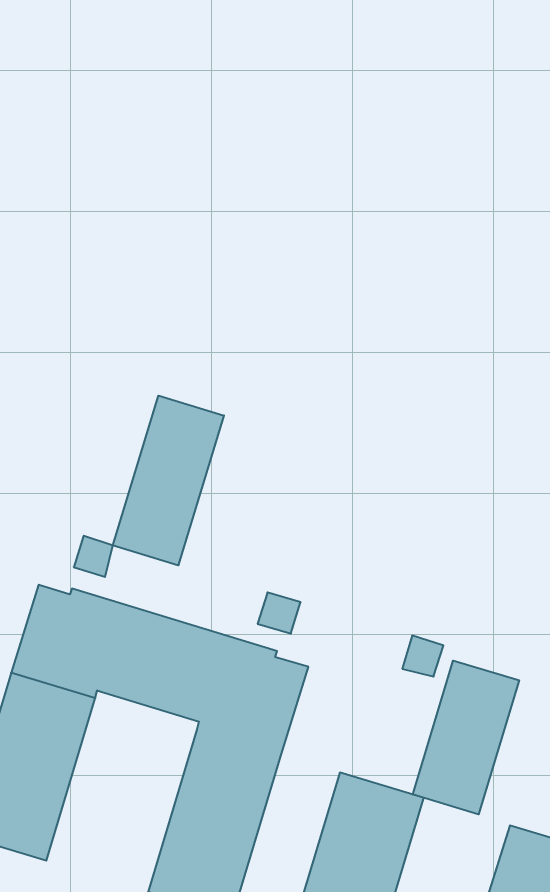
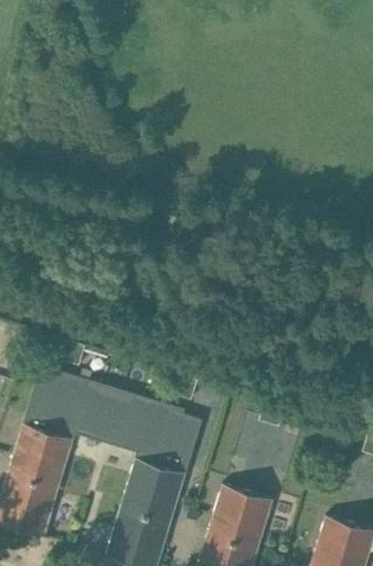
building: [113,396,224,565] -> none
building: [413,661,519,814] -> none

